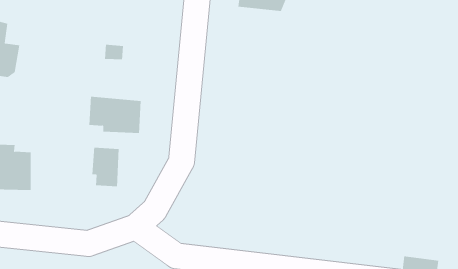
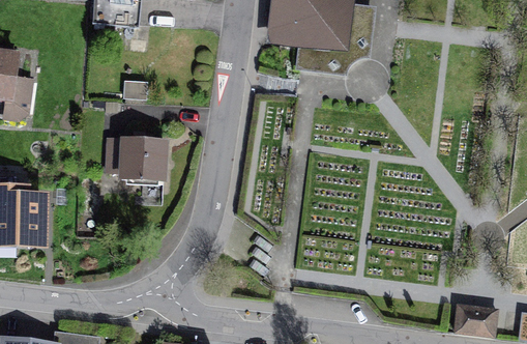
building: [92,147,119,187] -> none

